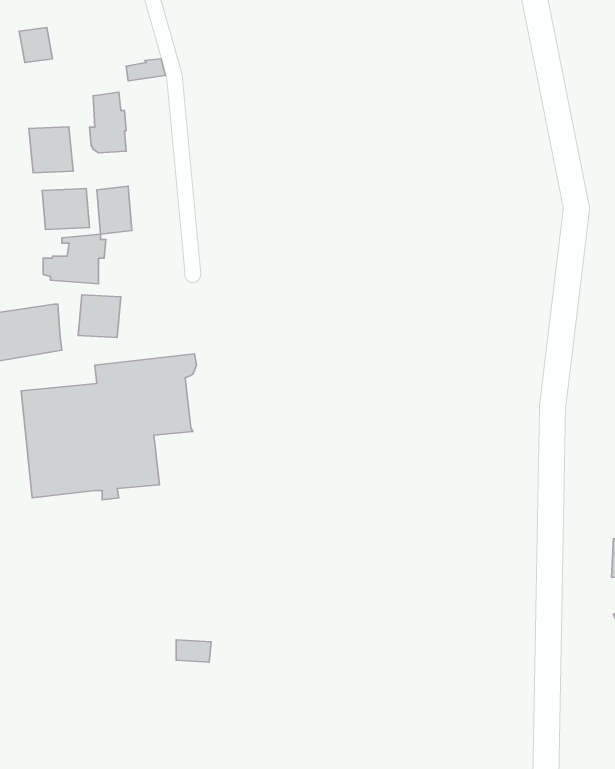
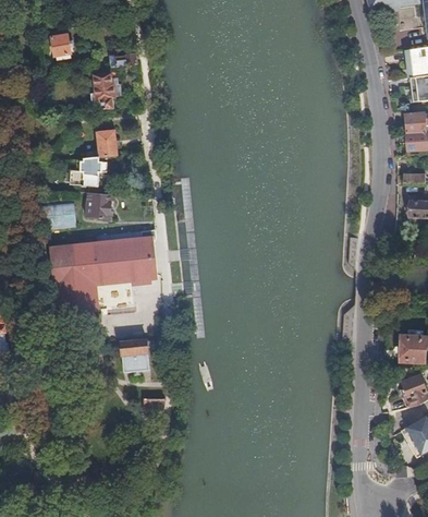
building: [29,127,73,173] -> none
building: [42,188,89,230] -> none
building: none -> [121,338,149,371]

